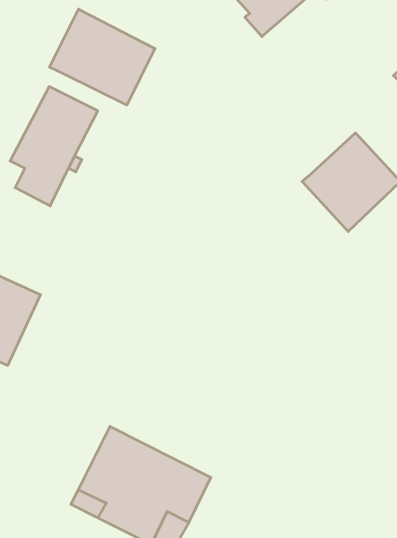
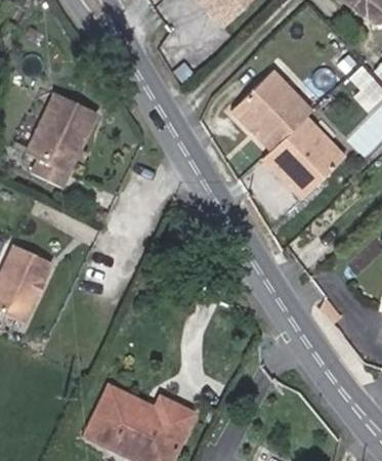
building: [50,9,155,105] -> none
building: none -> [222,55,317,152]

